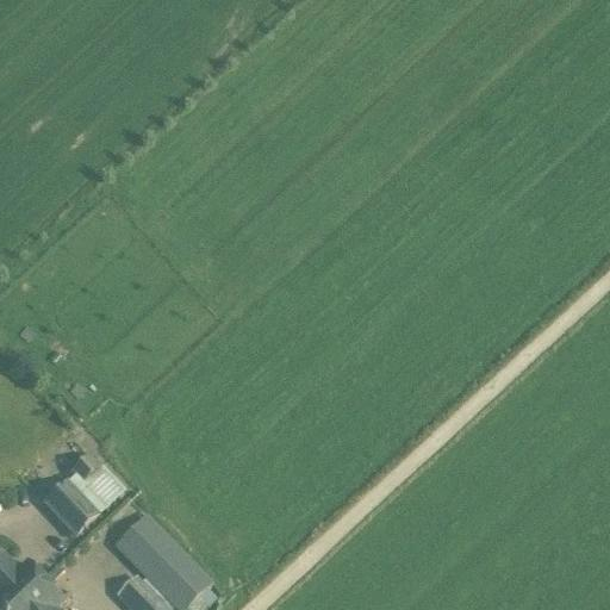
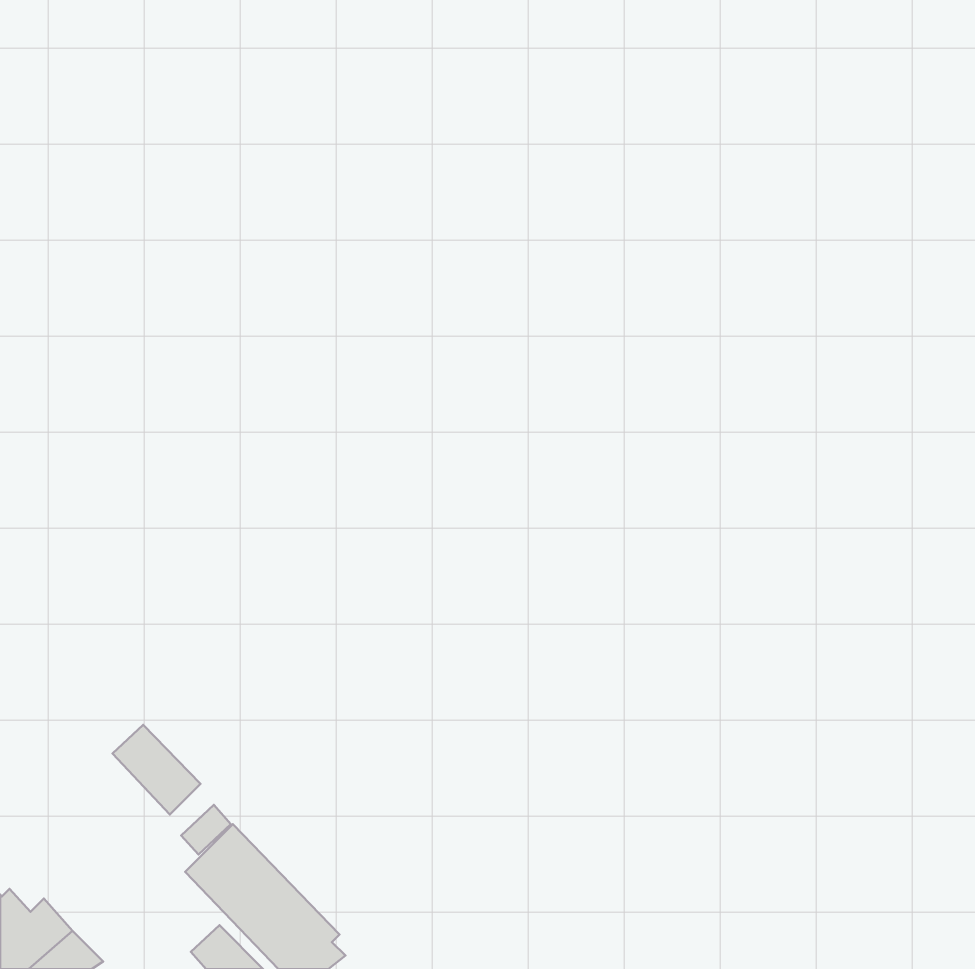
building: [45,481,98,535] -> none

